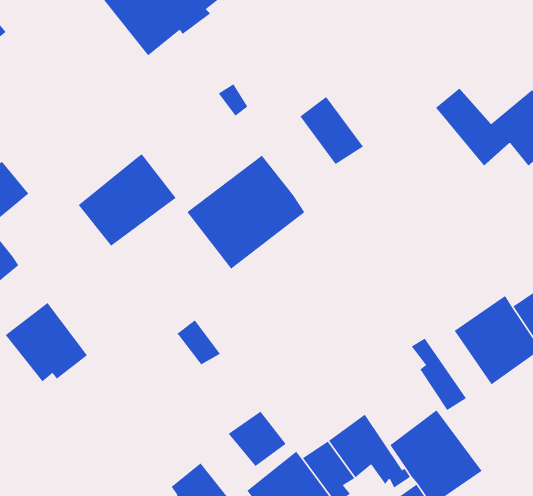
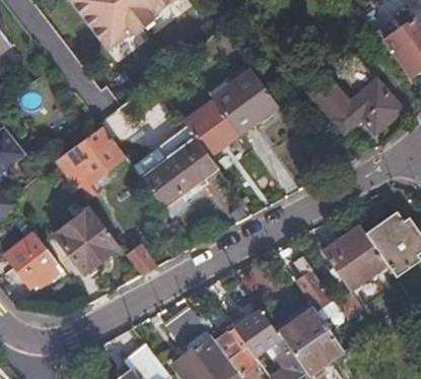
building: none -> [232,70,277,120]
building: none -> [186,104,236,154]
building: none -> [56,207,121,273]

